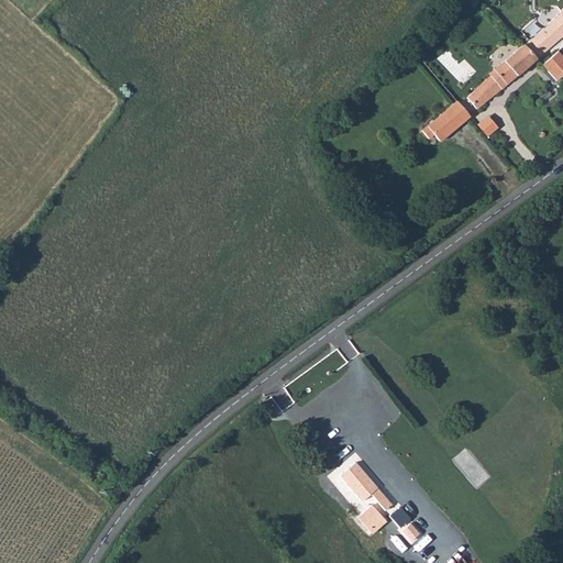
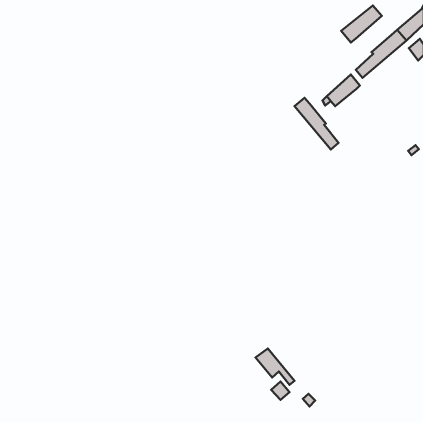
building: none -> [341,5,382,42]
building: none -> [295,98,338,149]

